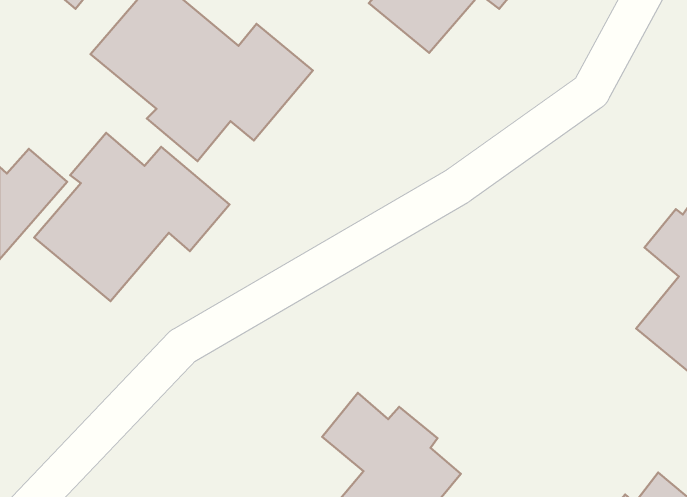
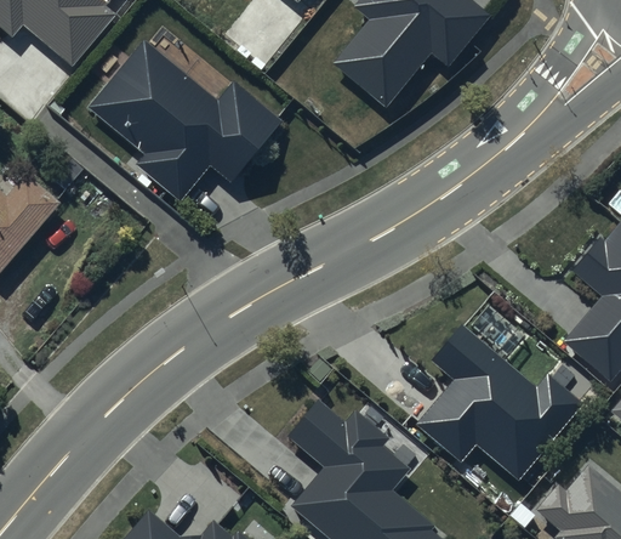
building: [34,133,230,301] -> none
building: none -> [417,323,586,478]

